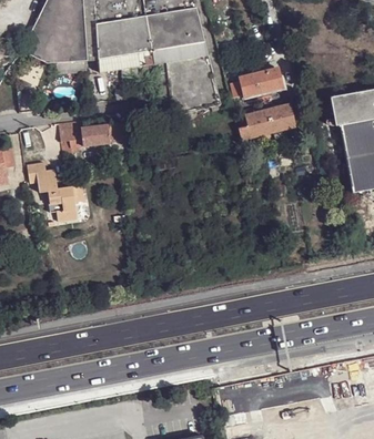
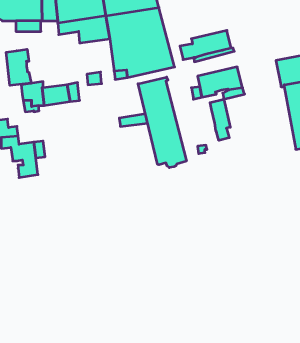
building: none -> [6,49,31,85]
building: none -> [138,77,186,168]
building: none -> [210,99,230,140]

